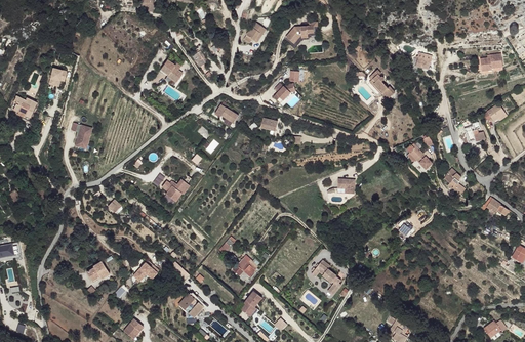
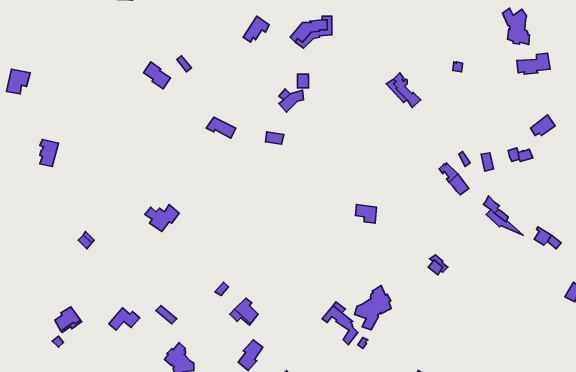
building: none -> [502,8,529,44]
building: none -> [354,285,391,330]

